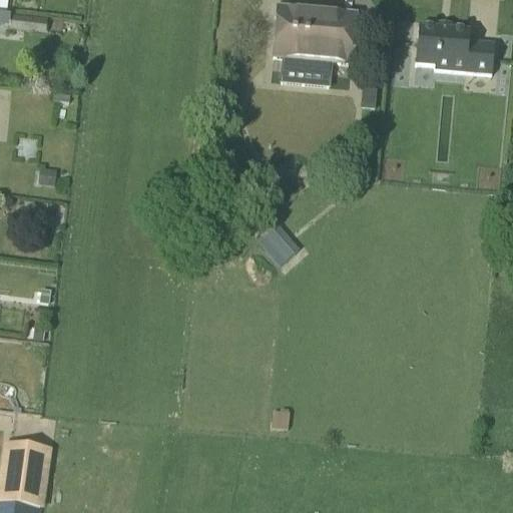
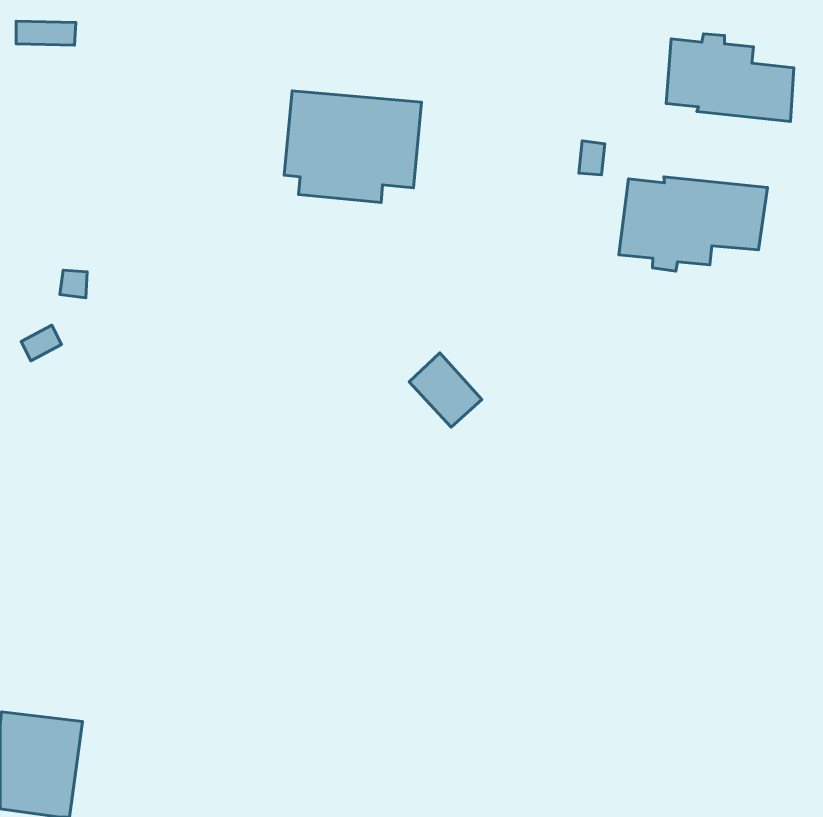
building: [272,6,357,75] -> [284,91,421,203]
building: none -> [619,177,768,271]

